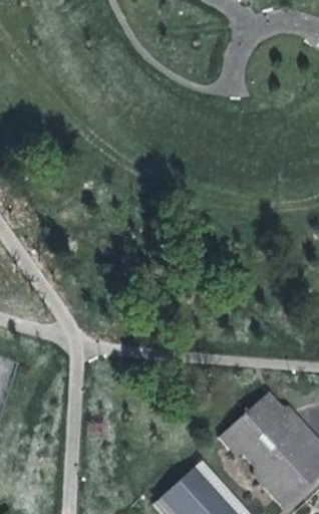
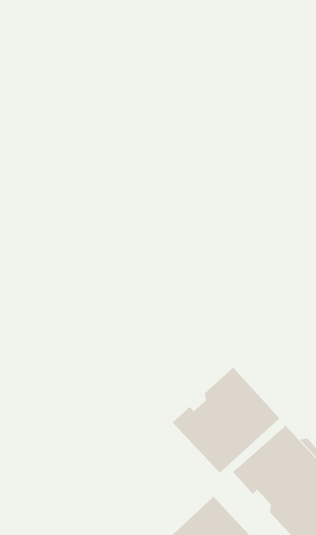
building: none -> [172,367,280,473]

